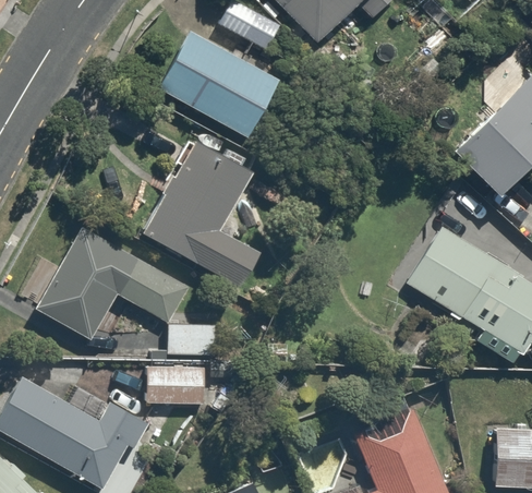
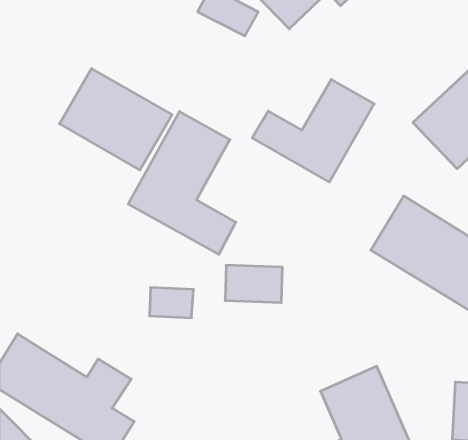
building: [161,33,283,143] -> [59,68,172,170]
building: none -> [252,79,374,182]
building: [36,225,184,339] -> none
building: [145,365,207,406] -> [225,265,282,303]

